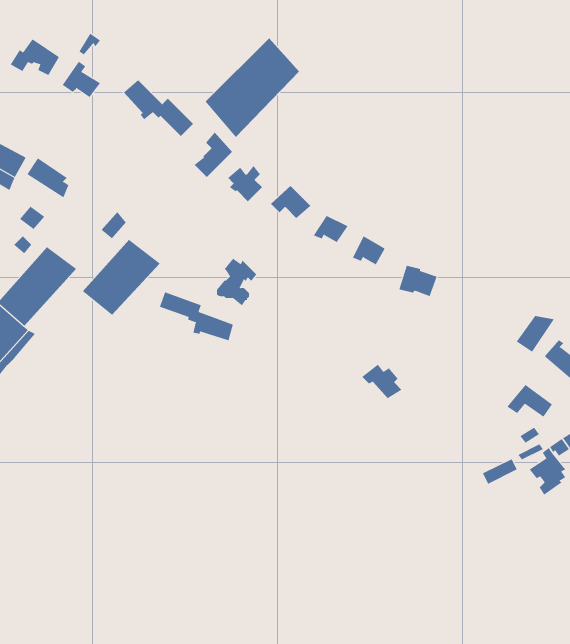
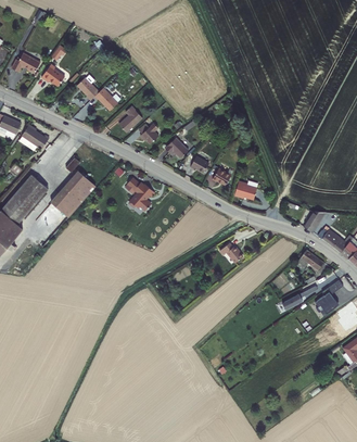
building: [205,37,300,138] -> none
building: [159,292,234,341] -> none

